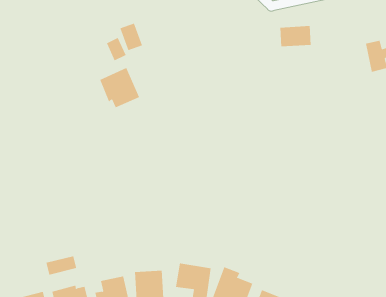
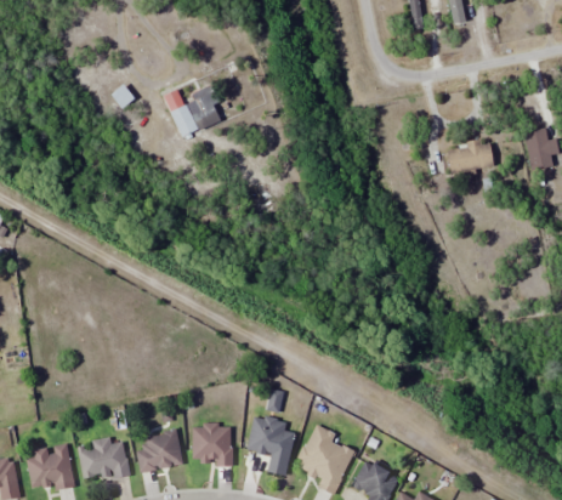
building: [279,26,312,47] -> [450,143,493,170]
building: [99,67,140,108] -> none
building: [46,255,77,275] -> none

